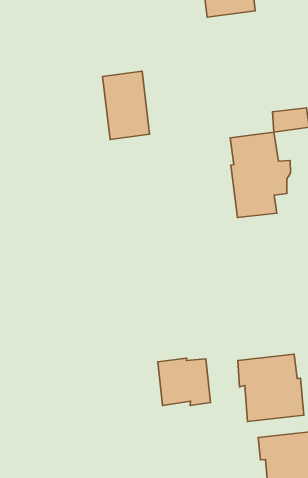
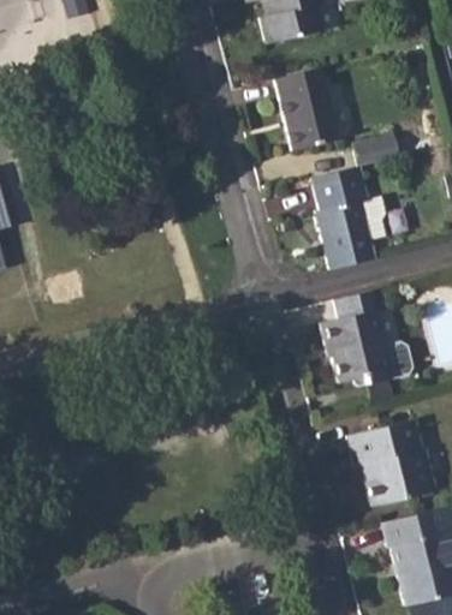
building: [103,71,150,140] -> [272,70,334,153]
building: none -> [325,286,398,382]
building: [158,358,211,406] -> none

